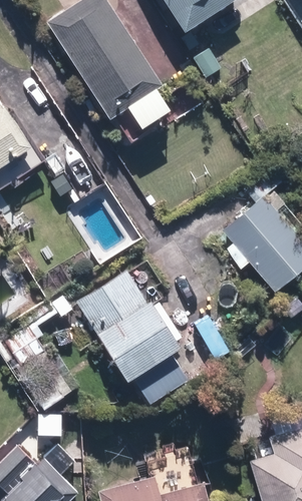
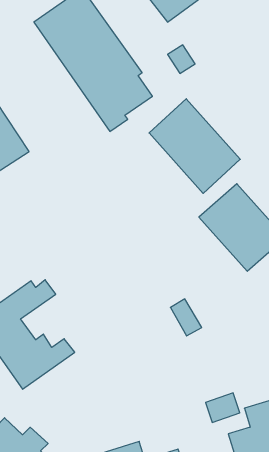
building: none -> [149,99,240,193]
building: [75,265,190,408] -> none

